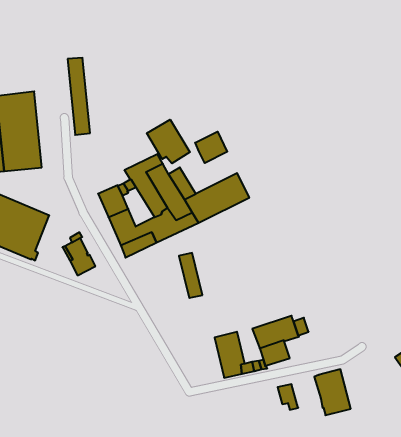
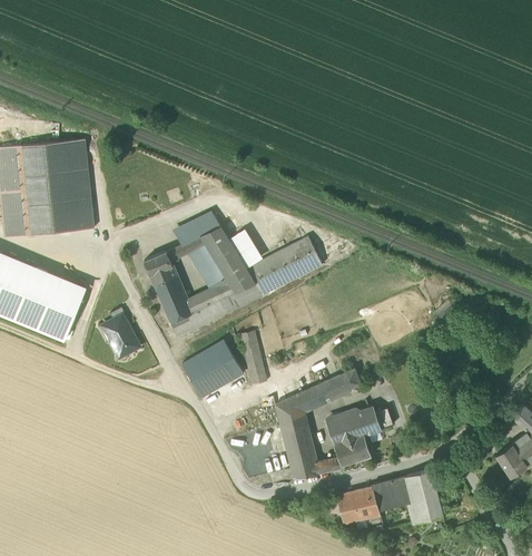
building: [68,58,90,135] -> [68,138,95,230]
building: [147,120,190,163] -> none
building: [195,132,227,163] -> none
building: none -> [181,339,243,397]
building: none -> [275,369,361,431]
building: none -> [372,478,407,511]
building: none -> [337,490,371,524]

